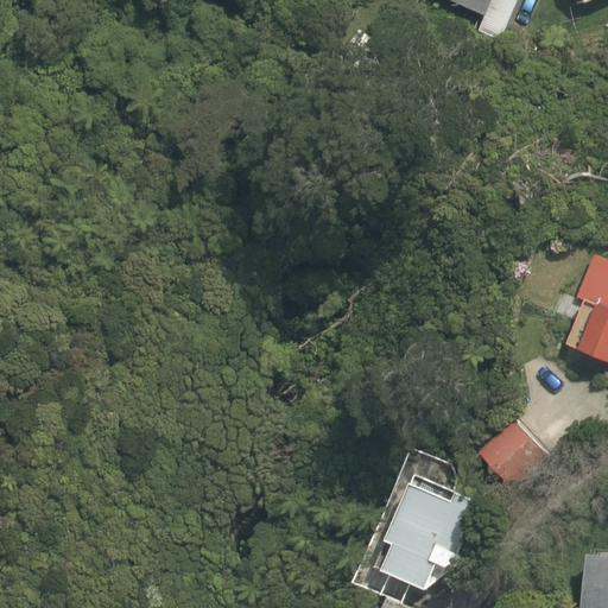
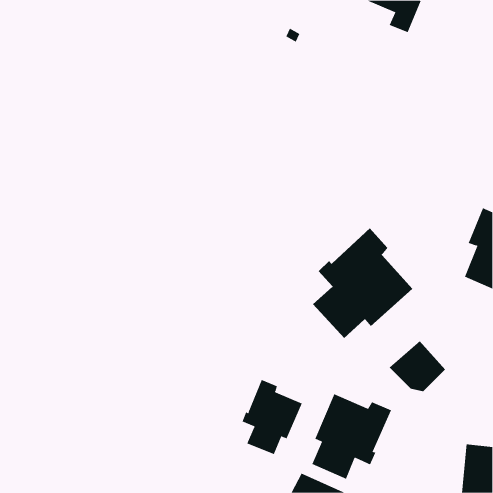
building: none -> [312,228,413,339]
building: none -> [242,379,302,455]

